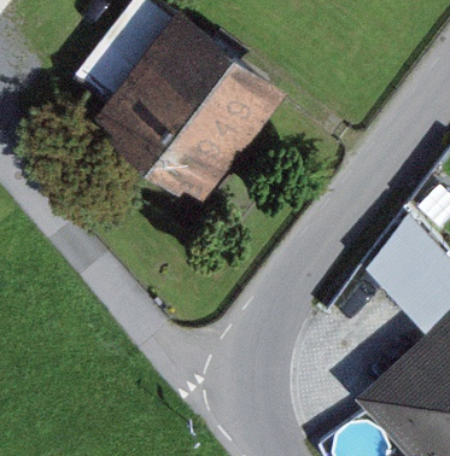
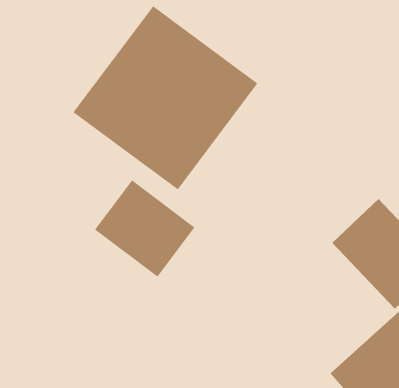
building: none -> [94,179,195,277]

